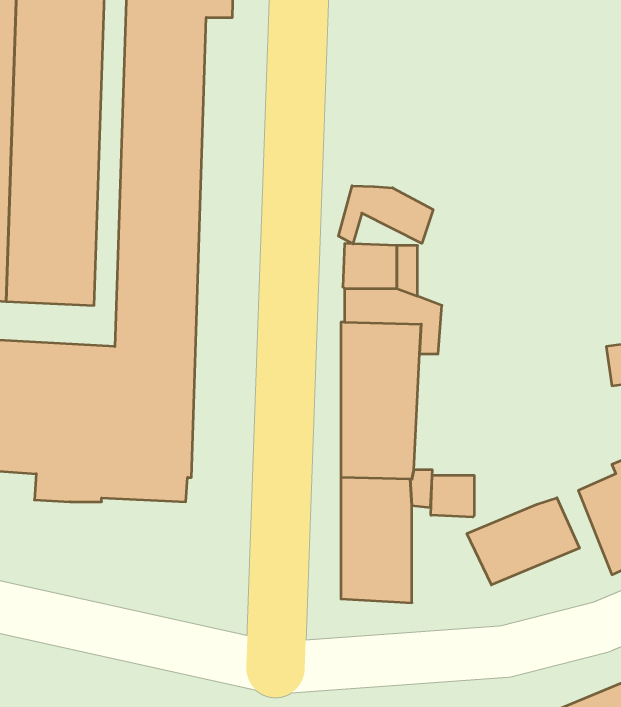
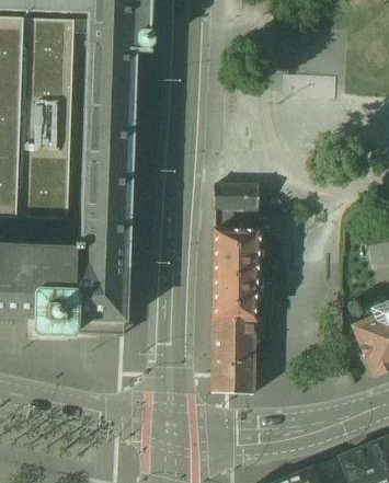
building: [338,186,433,244] -> none
building: [431,475,474,517] -> none
building: [467,498,579,585] -> none

